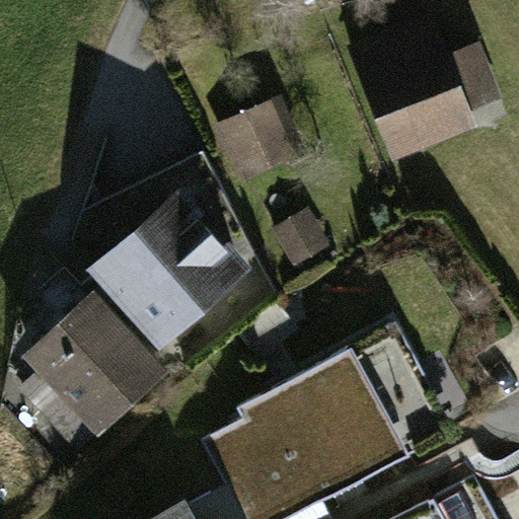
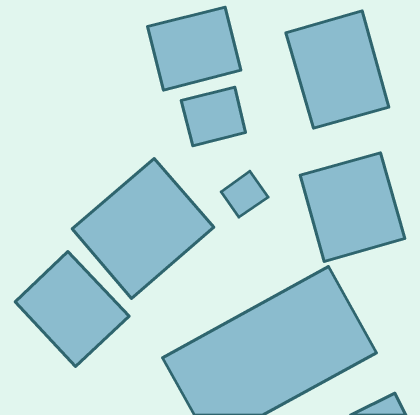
building: none -> [147,7,241,90]
building: none -> [300,153,405,262]

